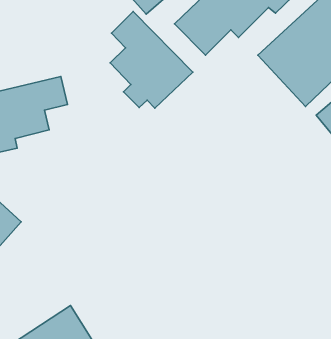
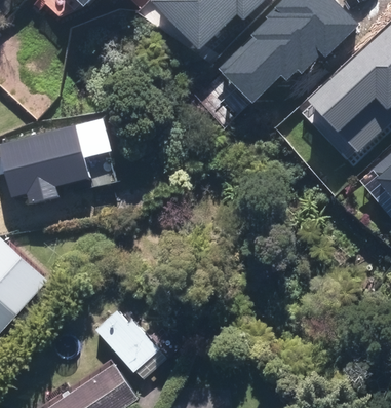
building: [110,12,193,108] -> none
building: none -> [96,311,158,375]

